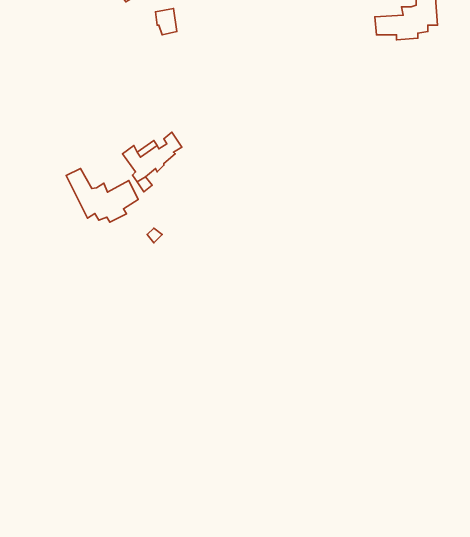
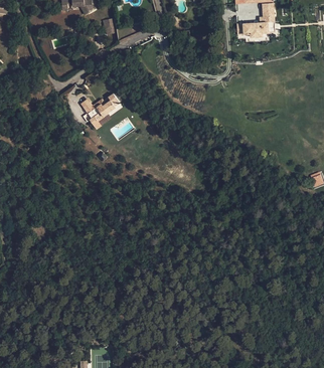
building: [66,168,138,222] -> none

